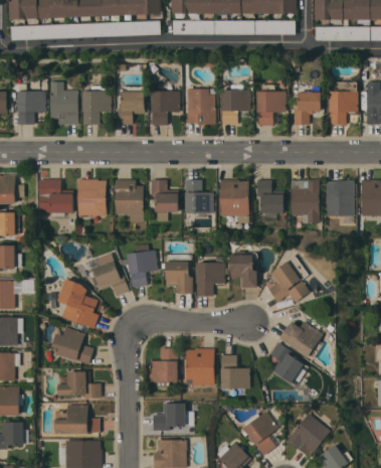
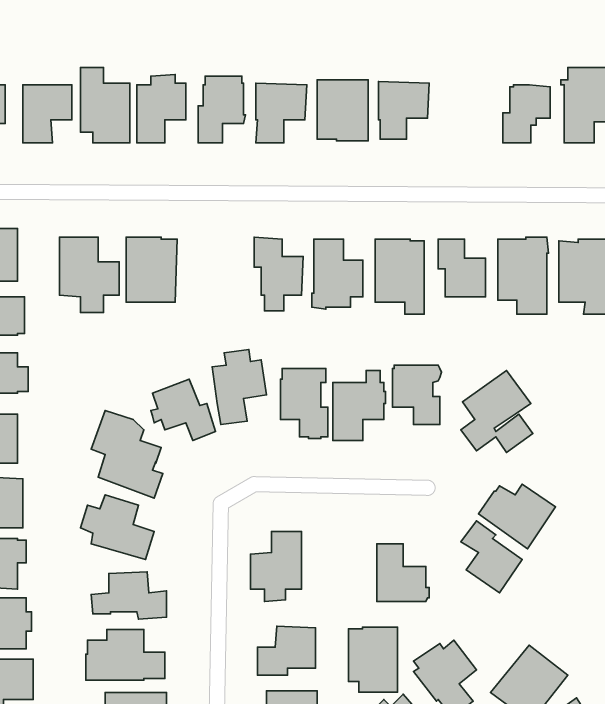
building: [257,85,287,126] -> none
building: [115,179,144,221] -> none
building: [186,348,214,385] -> [348,627,397,692]

